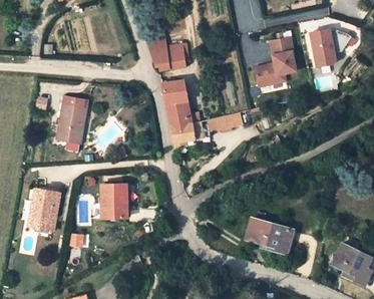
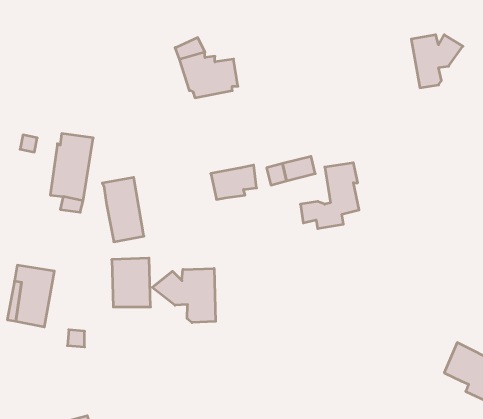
building: [252,36,293,82] -> [300,163,359,229]
building: [161,79,191,124] -> [102,177,144,242]
building: none -> [152,268,216,323]
building: [246,220,292,254] -> none

